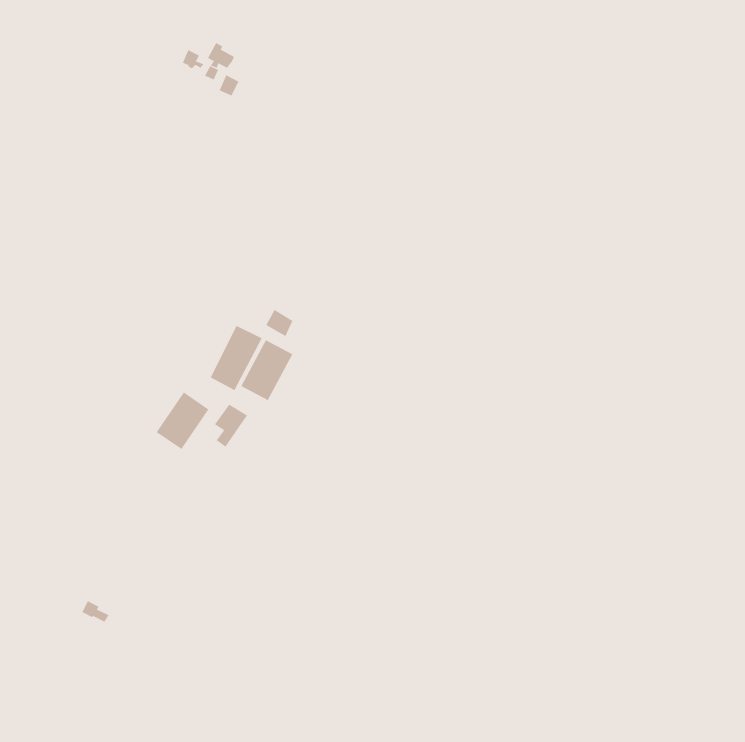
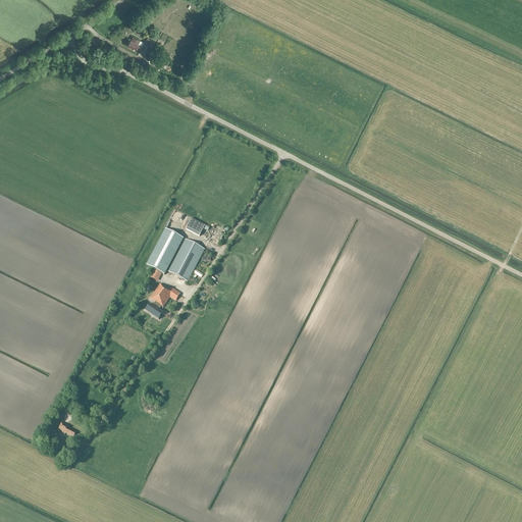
building: [156,392,209,450] -> none

